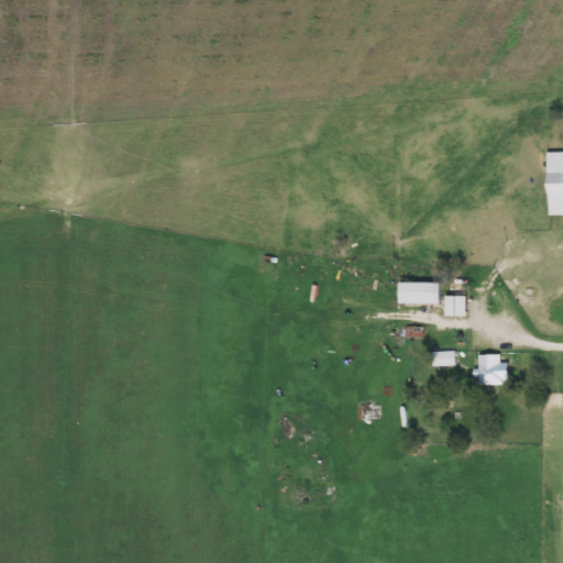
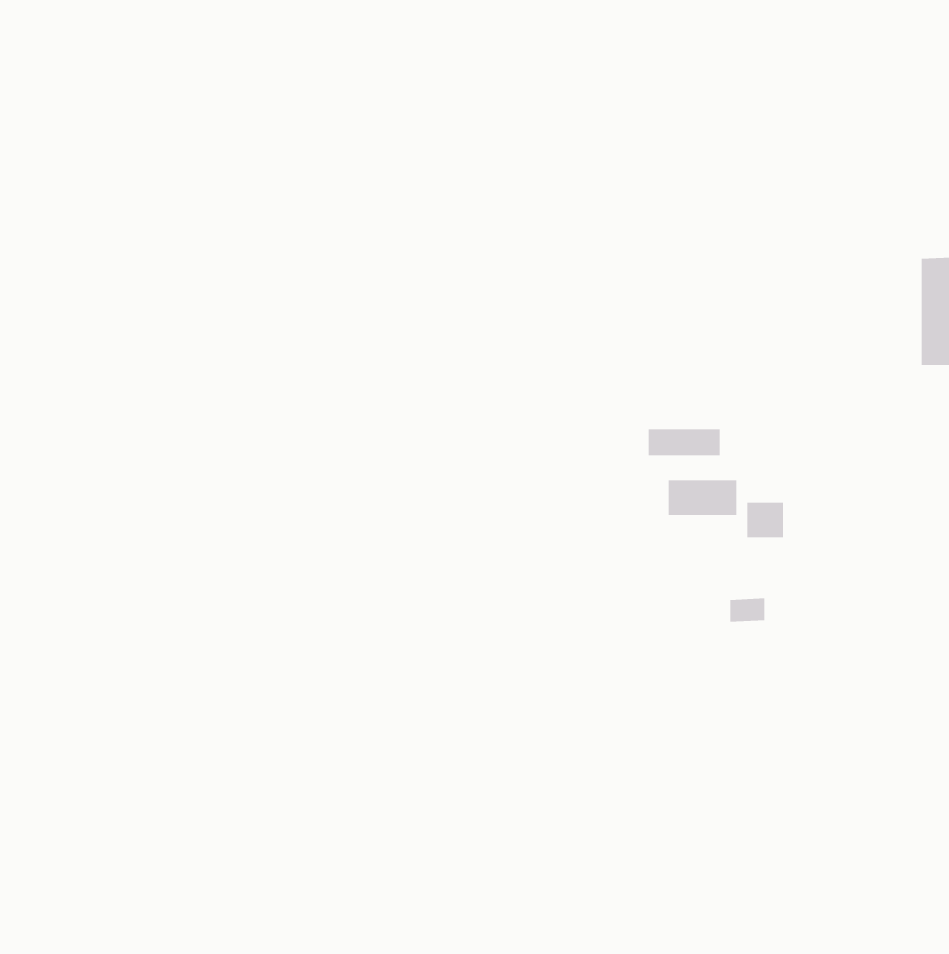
building: none -> [648,428,720,456]
building: [479,354,506,384] -> none

